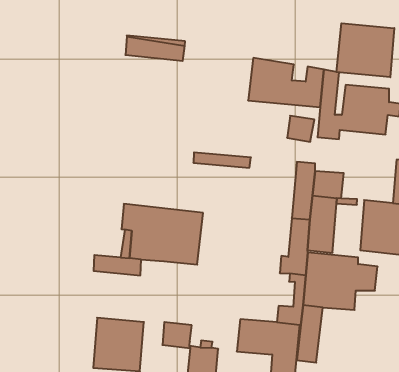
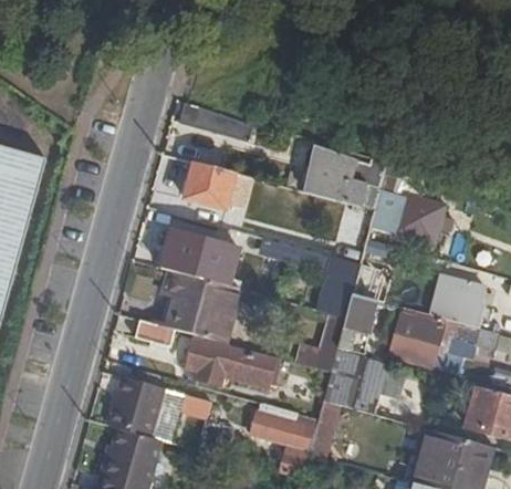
building: [336,23,394,77] -> none
building: none -> [182,162,236,210]
building: none -> [159,230,238,285]
building: none -> [185,334,282,388]

